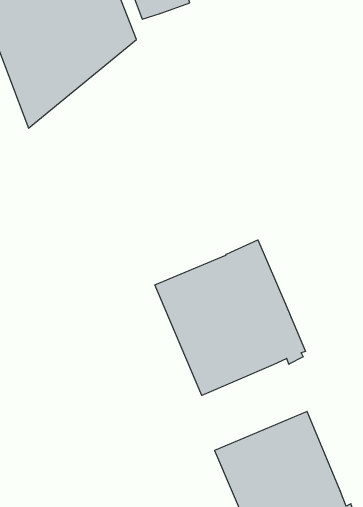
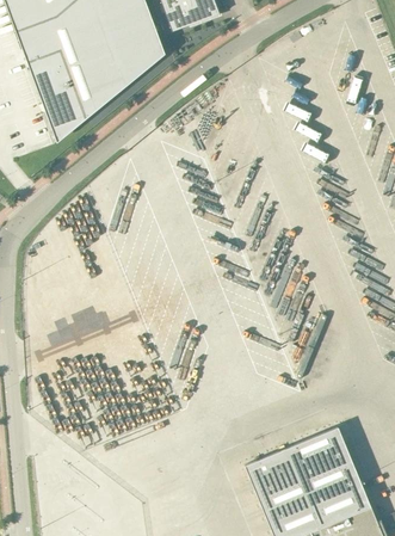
building: [155,240,306,395] -> none

